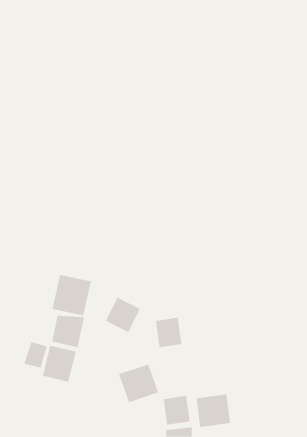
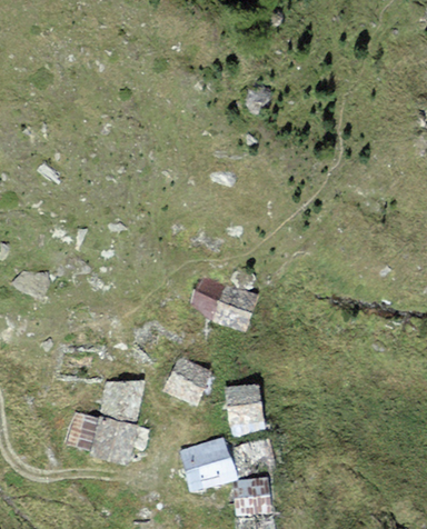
building: none -> [196,279,252,322]
building: [52,274,91,316] -> none
building: [196,394,230,428] -> none

